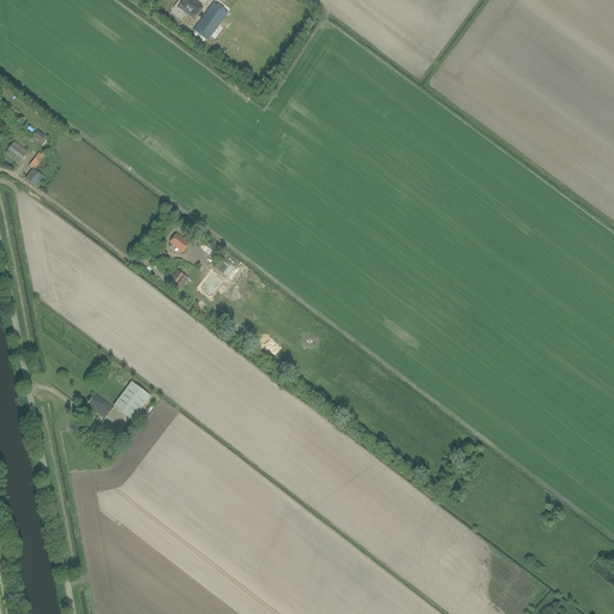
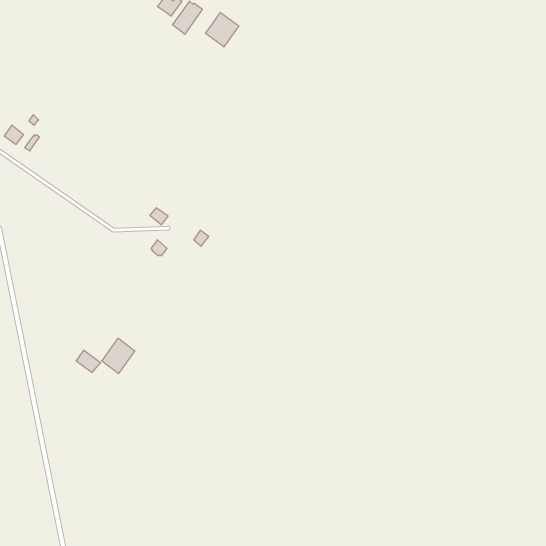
building: none -> [206,12,239,47]

